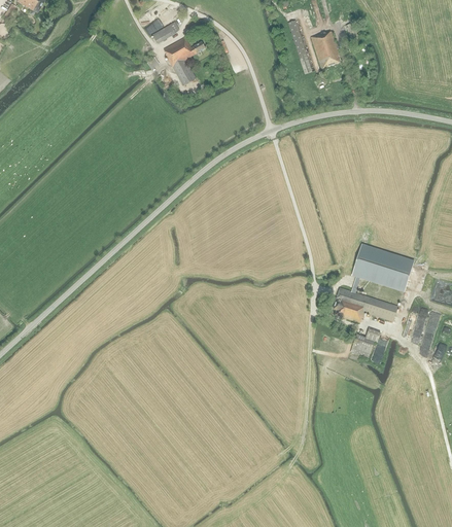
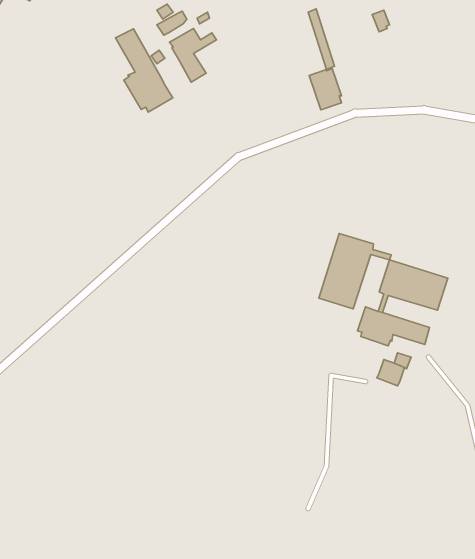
building: [311,30,340,67] -> [309,68,341,110]
building: none -> [116,29,173,112]
building: none -> [319,233,391,309]

